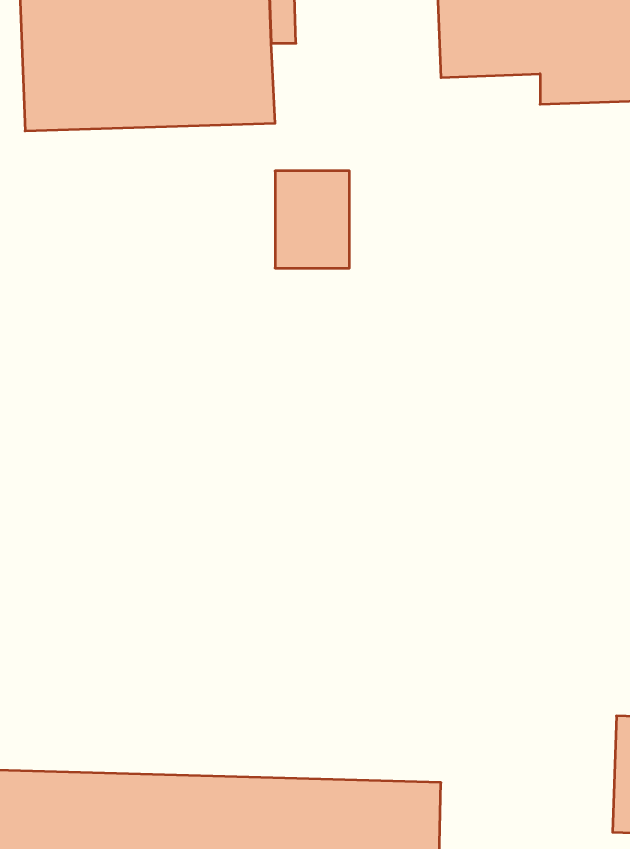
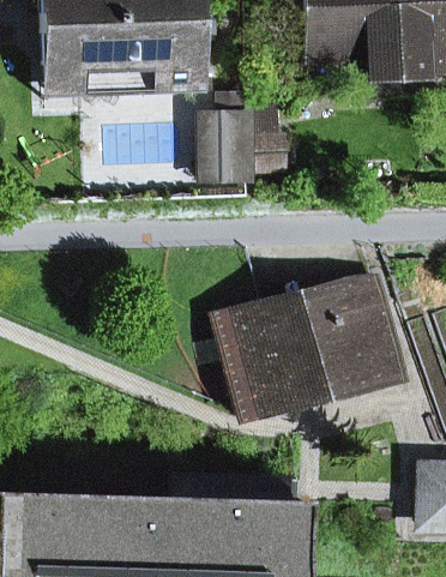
building: none -> [217,278,402,419]

